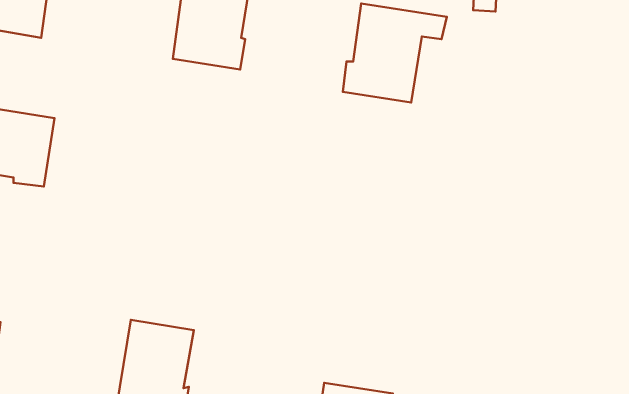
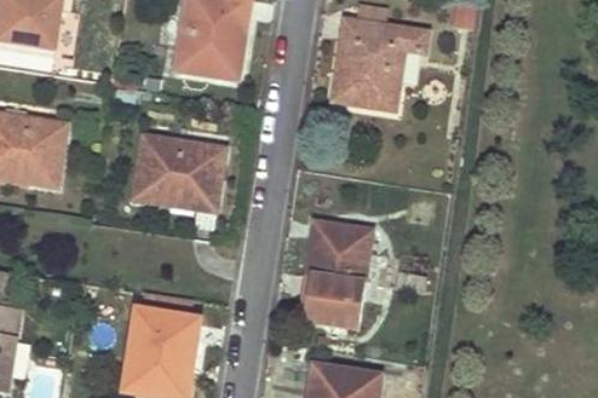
building: none -> [133,134,224,207]
building: none -> [304,221,372,329]

